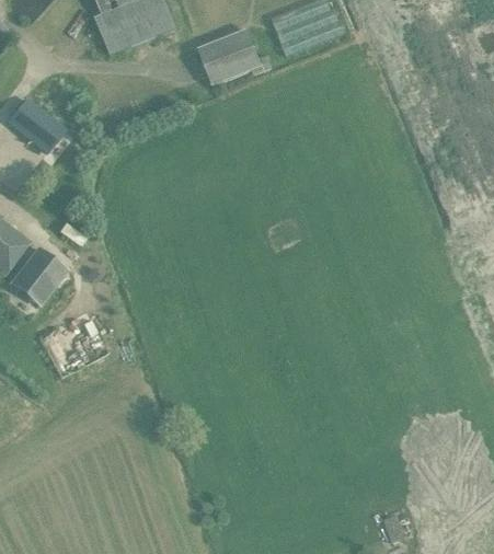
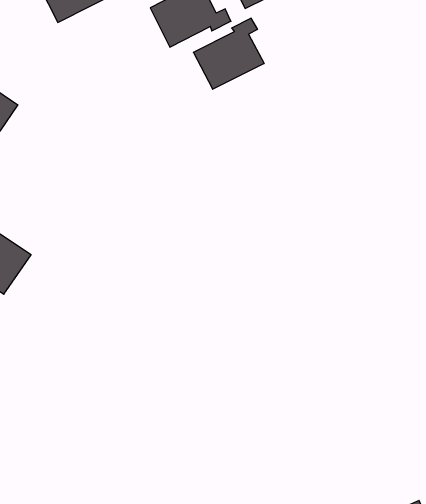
building: none -> [193,18,264,89]

